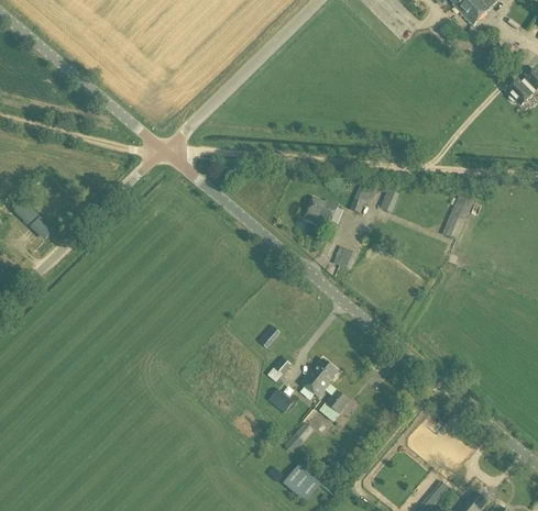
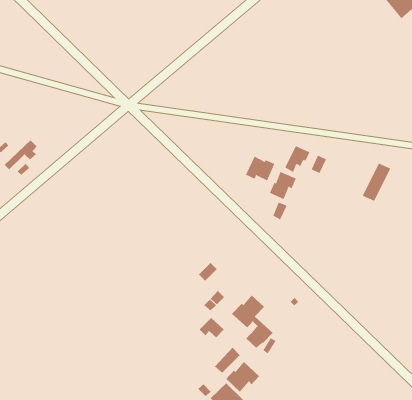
building: none -> [269,171,297,200]
building: none -> [225,361,260,392]

